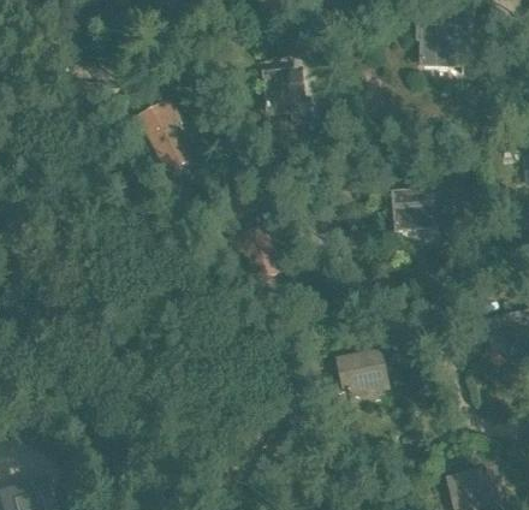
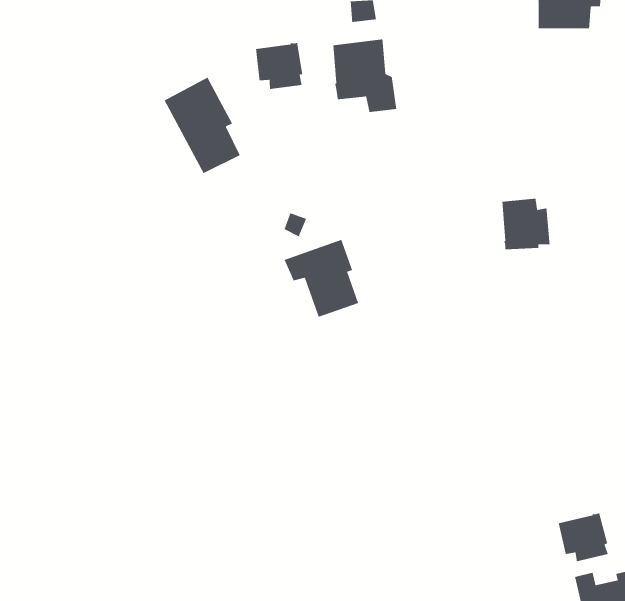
building: none -> [255,42,303,90]
building: [338,350,388,390] -> none
building: none -> [558,512,609,562]

